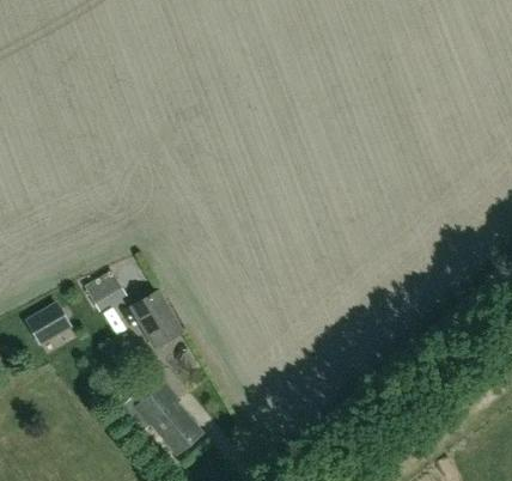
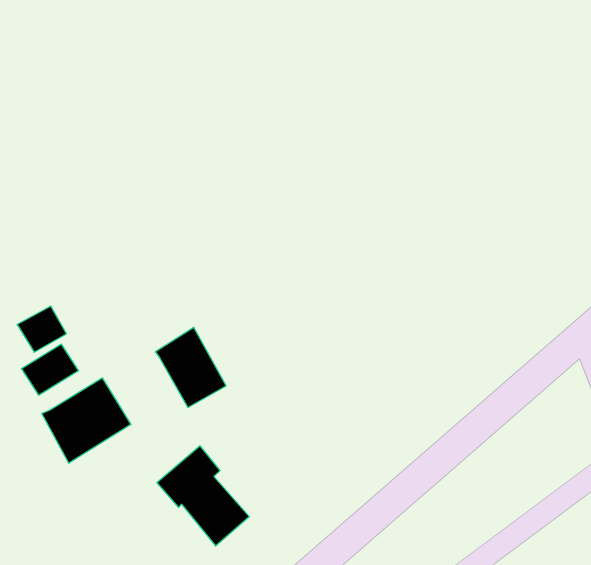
building: [86,272,124,308] -> [17,306,66,352]
building: none -> [42,378,131,463]

